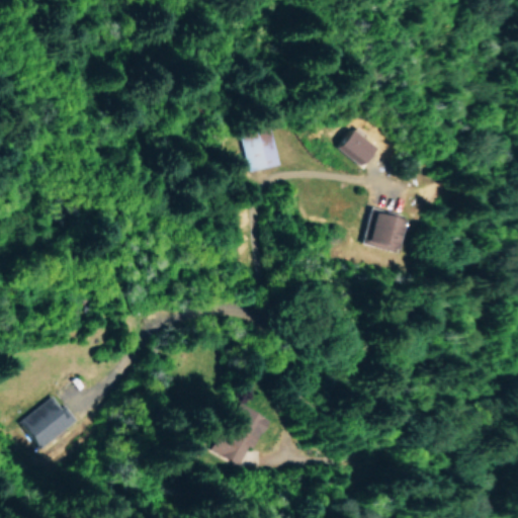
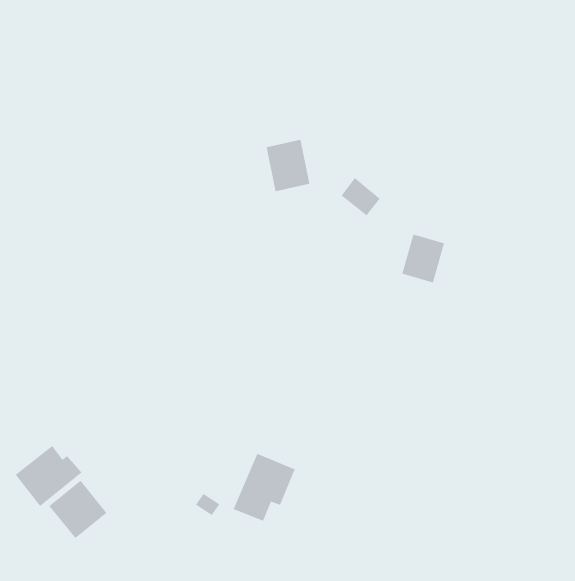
building: [338,130,373,164] -> [341,177,381,216]
building: none -> [49,480,107,539]

